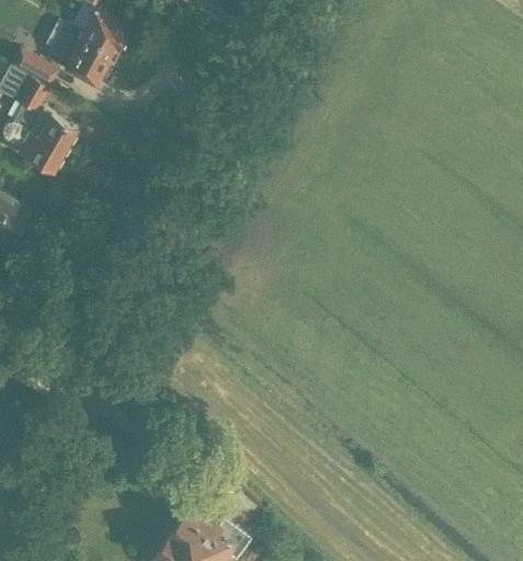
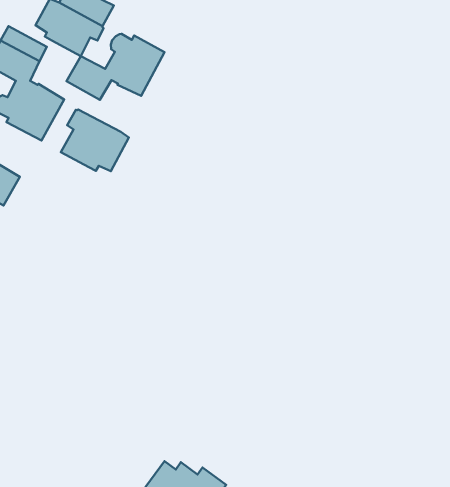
building: none -> [66,34,164,100]
building: none -> [61,109,129,171]

